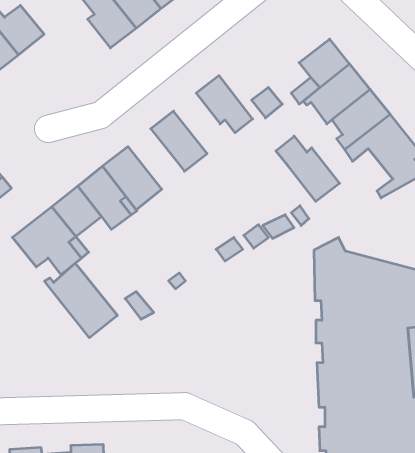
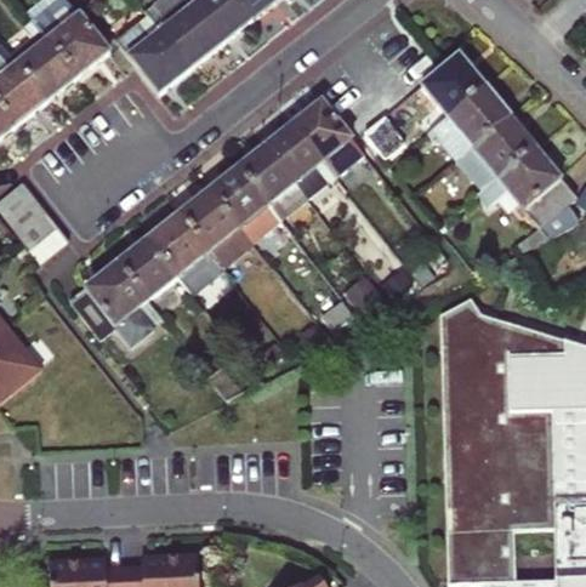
building: none -> [118,22,190,91]
building: none -> [268,121,337,195]
building: none -> [212,165,281,239]
building: [276,136,340,201] -> none
building: [45,263,117,338] -> none

